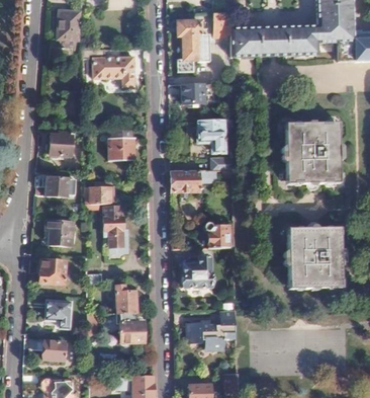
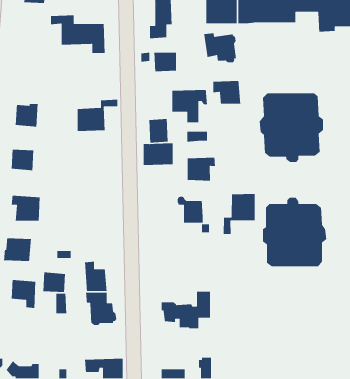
building: none -> [203,33,237,63]
building: none -> [212,80,241,105]
building: none -> [149,118,168,143]
building: none -> [187,157,216,181]
building: [87,186,114,204] -> none
building: [105,207,127,247] -> none
building: none -> [223,193,256,235]
building: [184,257,212,287] -> none
building: [43,340,66,361] -> [42,272,66,293]

